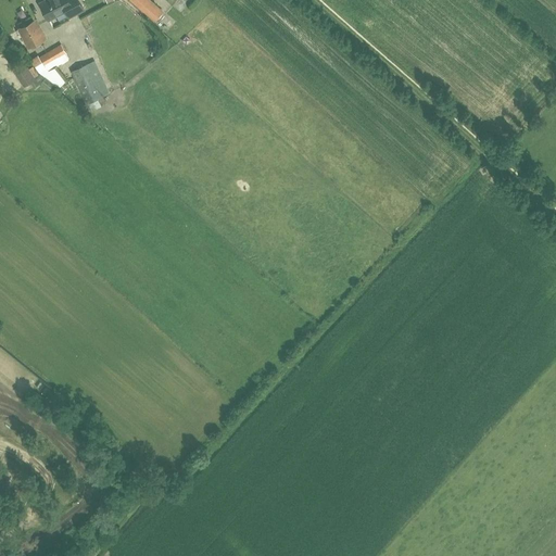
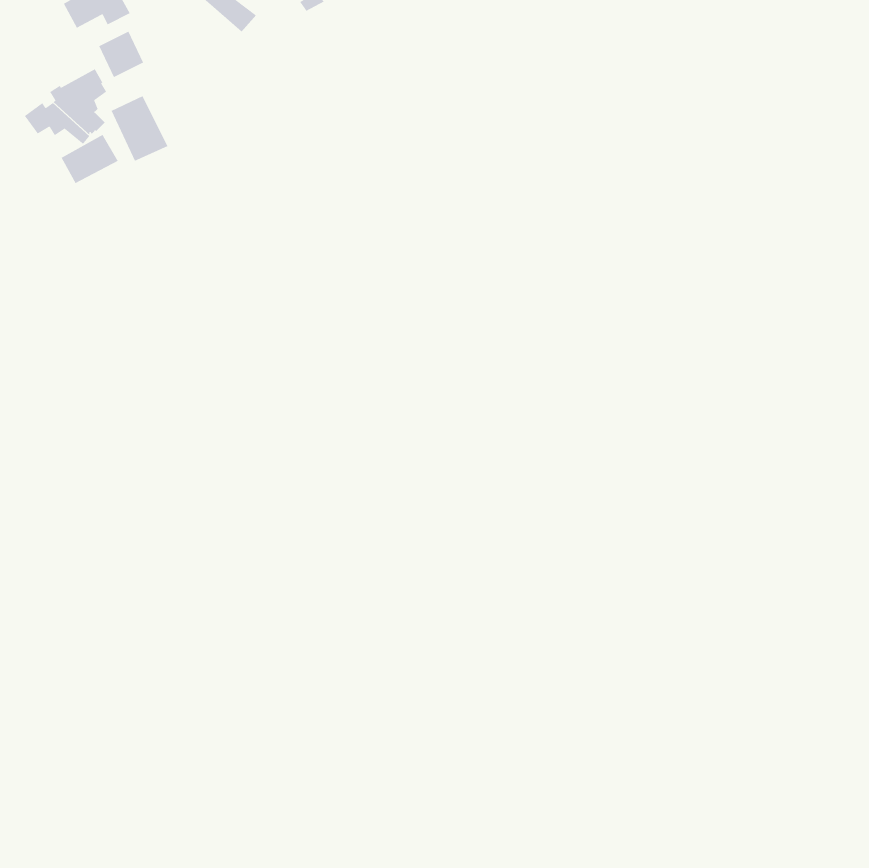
building: [17,17,47,48] -> [98,30,144,78]
building: none -> [60,134,119,184]

